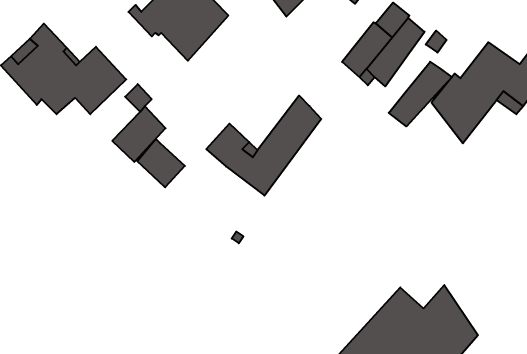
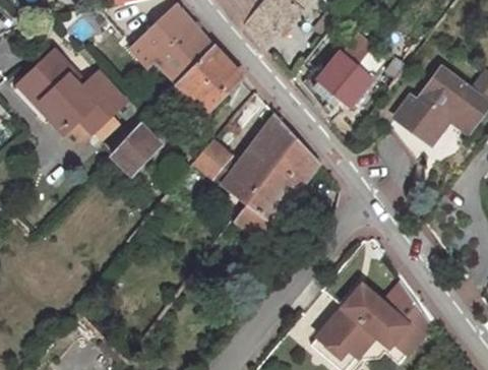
building: none -> [178,45,242,112]
building: [389,62,452,126] -> none
building: none -> [235,135,318,240]
building: [137,139,185,187] -> none

